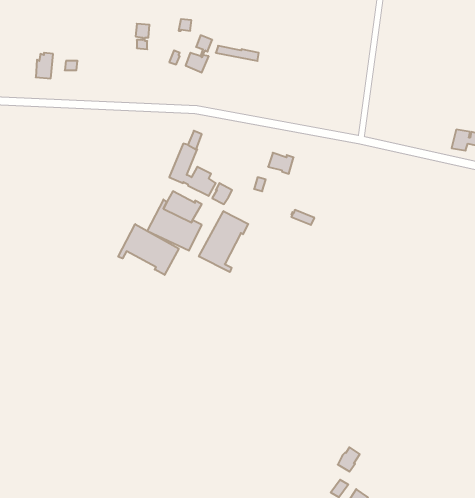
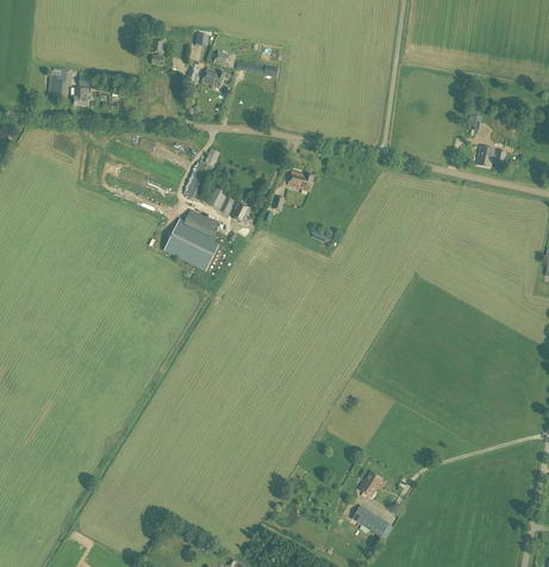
building: [199,211,248,272] -> none
building: [118,224,179,275] -> none

